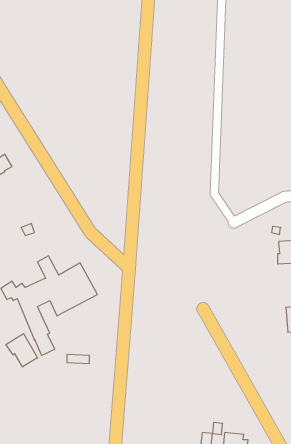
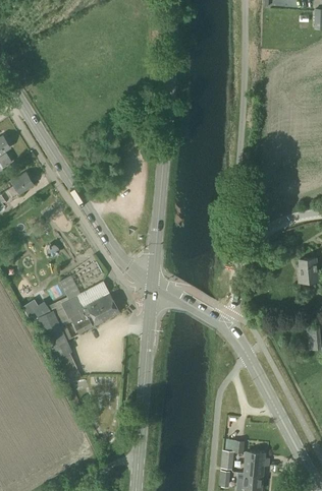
building: [6,334,38,367] -> none

